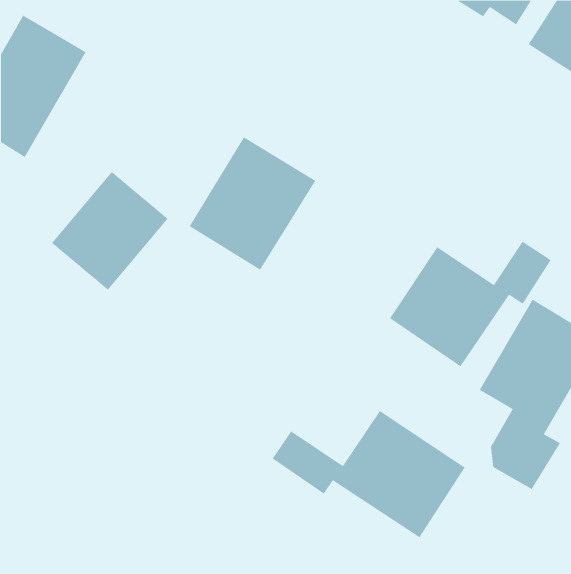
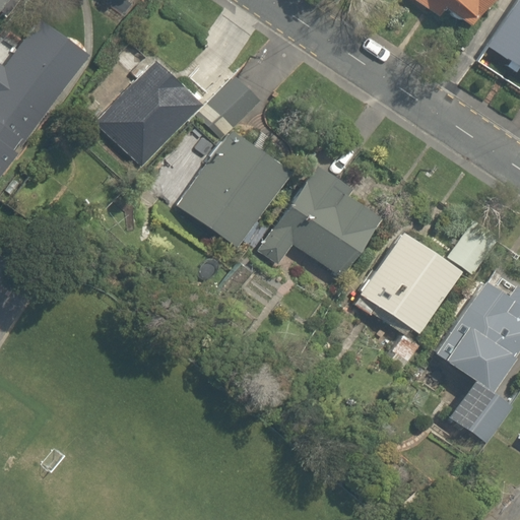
building: [51,171,168,291] -> [98,63,202,170]
building: none -> [252,161,385,279]
building: [272,410,466,538] -> none

